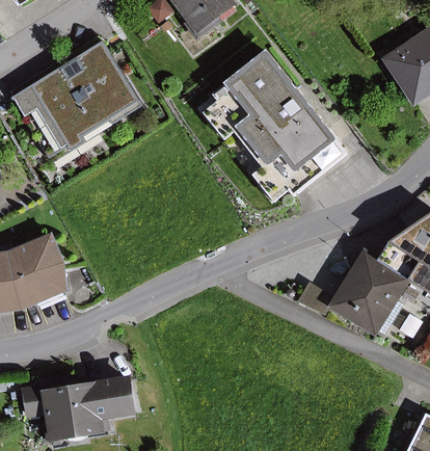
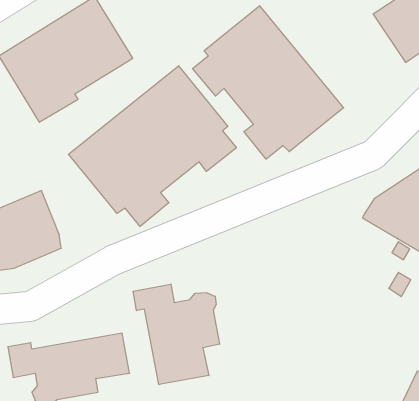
building: none -> [69,66,236,226]
building: [296,248,406,335] -> none
building: none -> [133,284,220,385]

